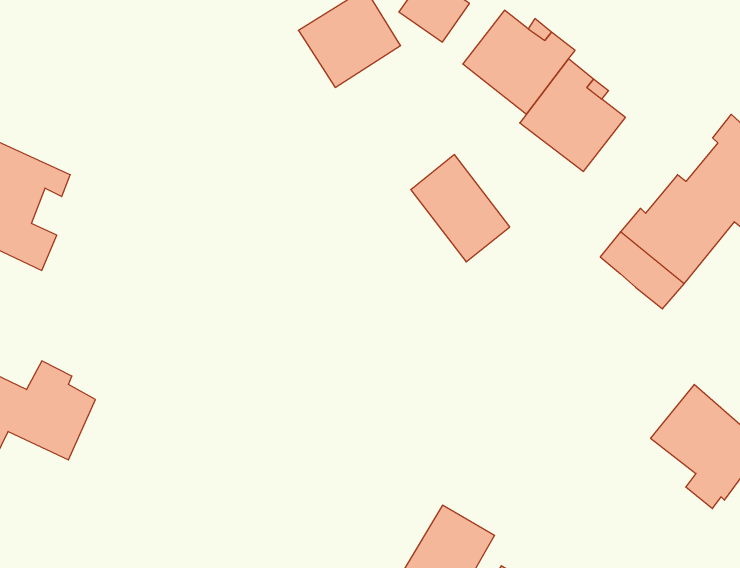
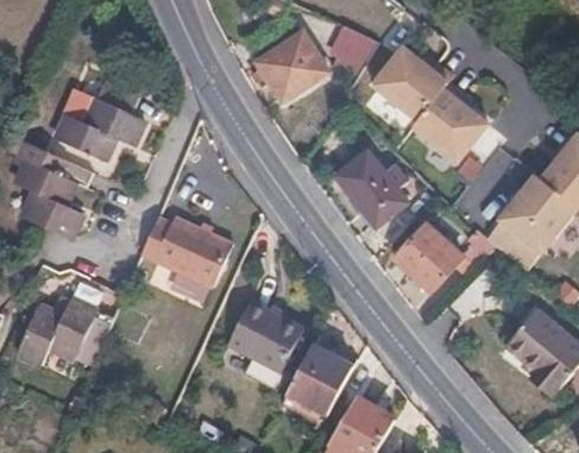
building: none -> [56,75,146,155]
building: none -> [141,220,235,290]
building: none -> [395,226,495,295]
building: none -> [227,304,300,376]
building: none -> [281,340,355,426]

